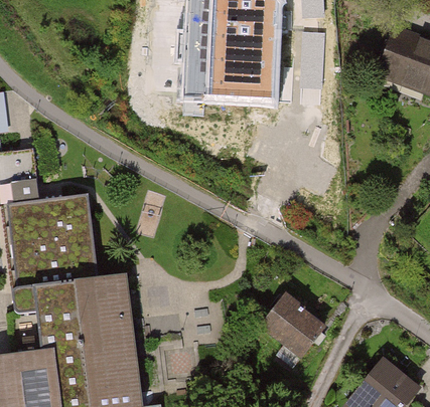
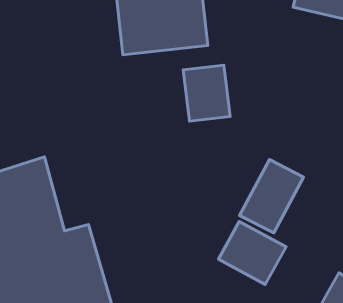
building: none -> [183,65,230,121]
building: none -> [240,159,304,233]

